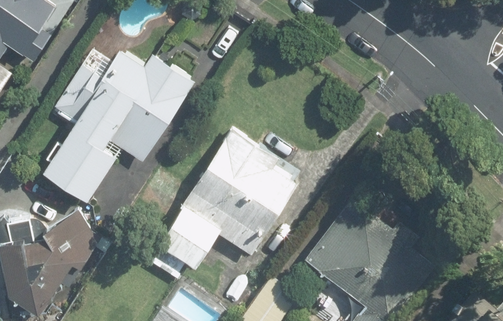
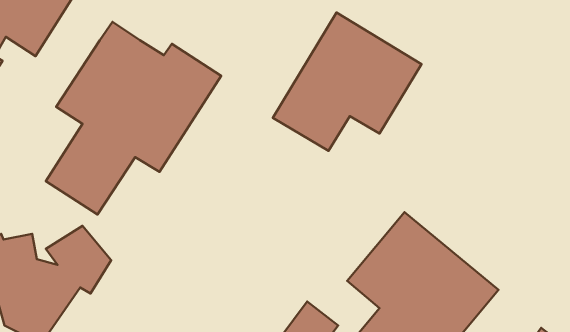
building: none -> [273,12,421,151]
building: [145,124,298,281] -> none

